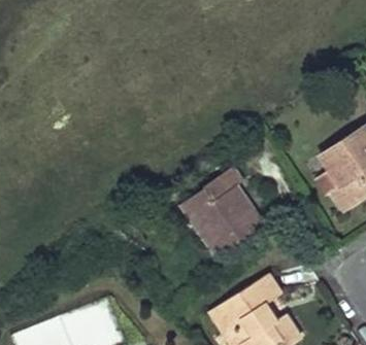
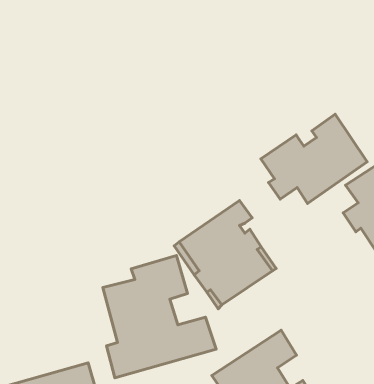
building: none -> [261,114,367,204]
building: none -> [103,255,216,378]

